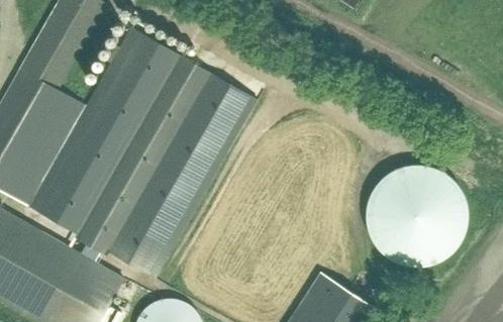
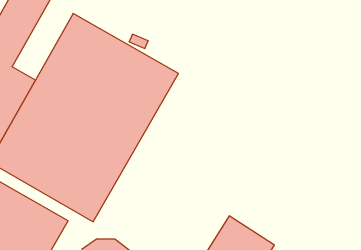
building: [366,163,471,266] -> none

